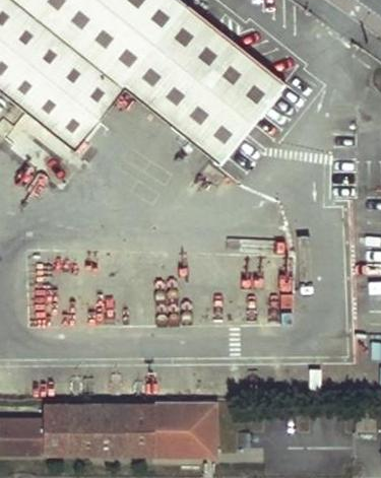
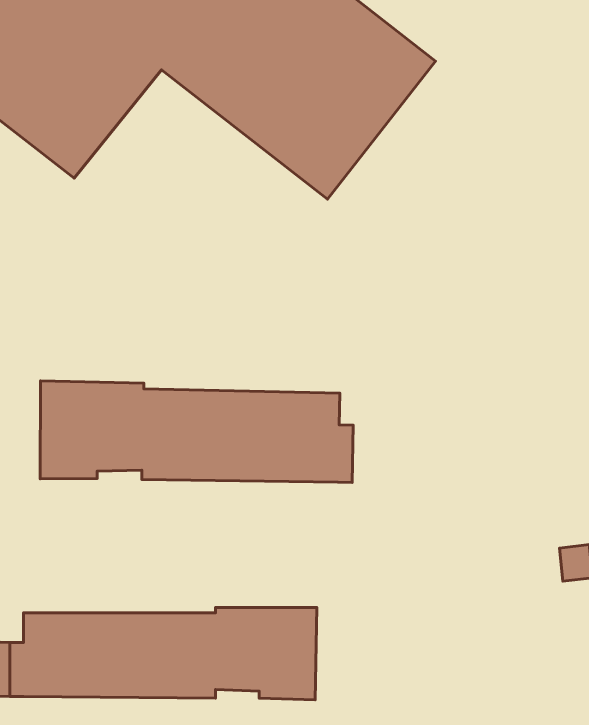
building: none -> [40,381,353,483]

